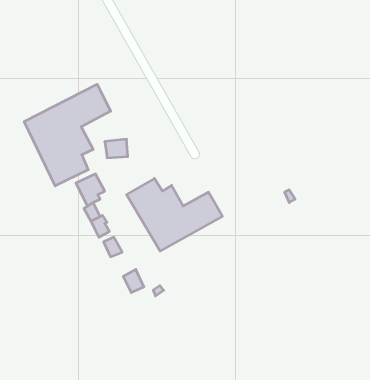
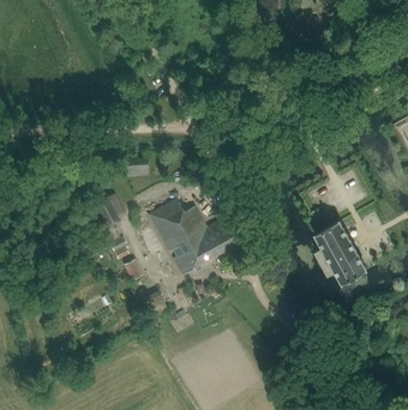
building: [24,84,111,186] -> none
building: none -> [314,221,366,283]

